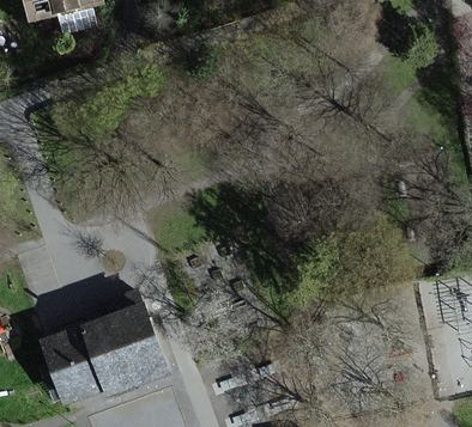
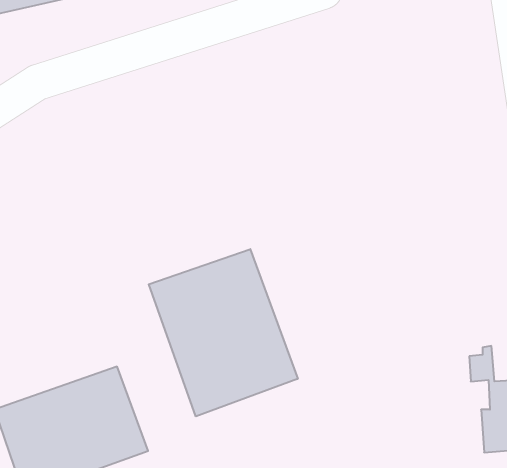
building: none -> [149,249,298,416]

